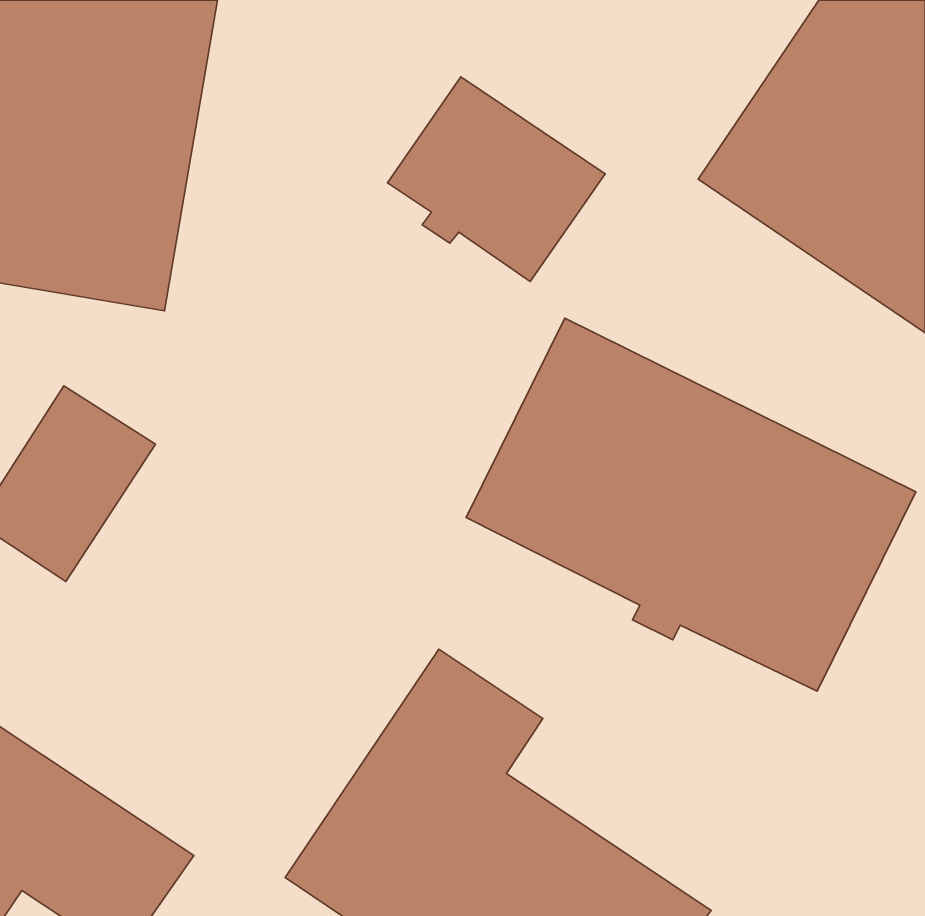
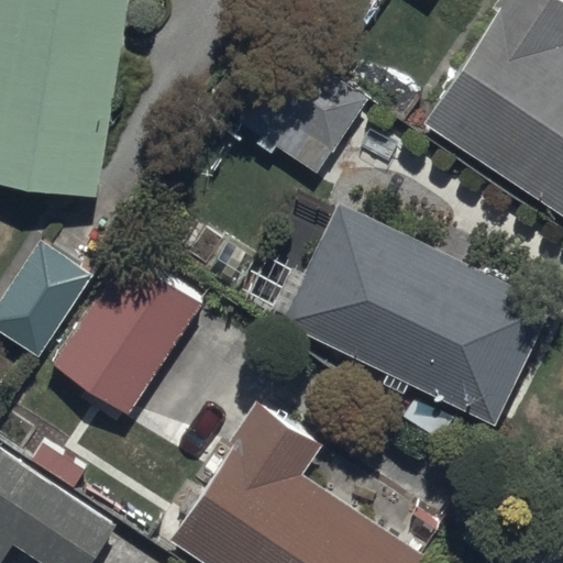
building: none -> [51,245,206,416]

